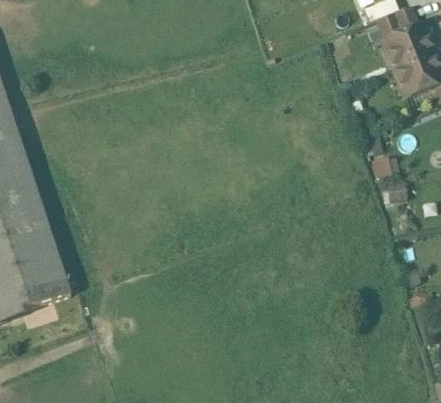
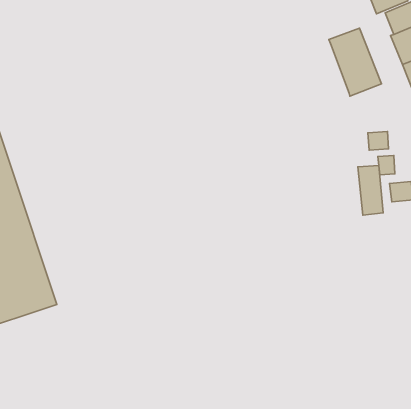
building: none -> [329,28,381,96]
building: none -> [358,165,383,215]

